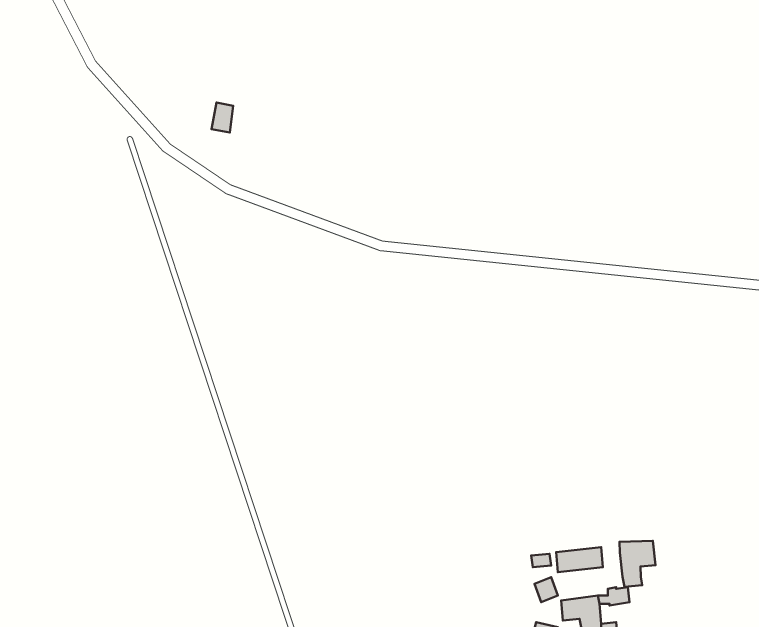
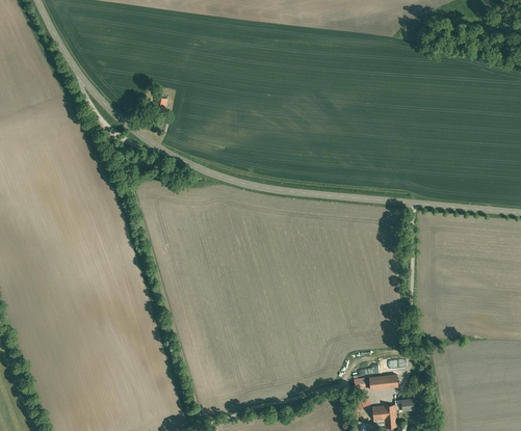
building: [620,541,656,587] -> none

